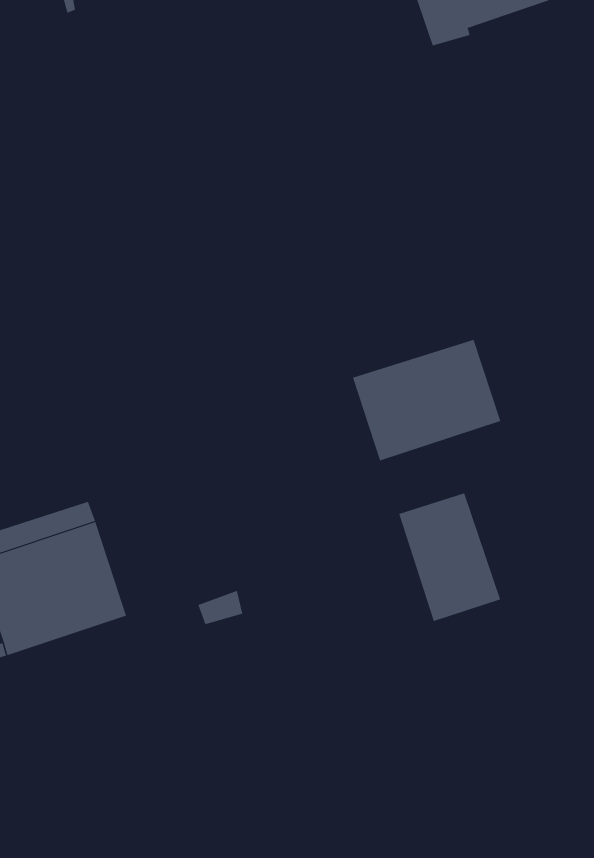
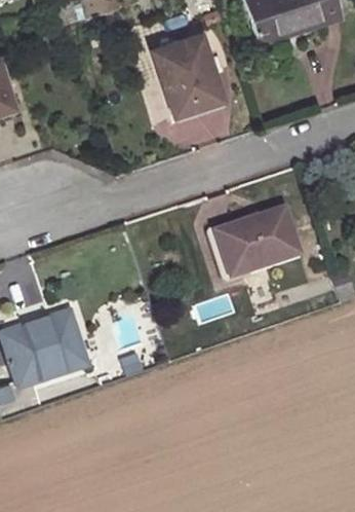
building: none -> [155,35,216,113]
building: [398,493,501,622] -> none

